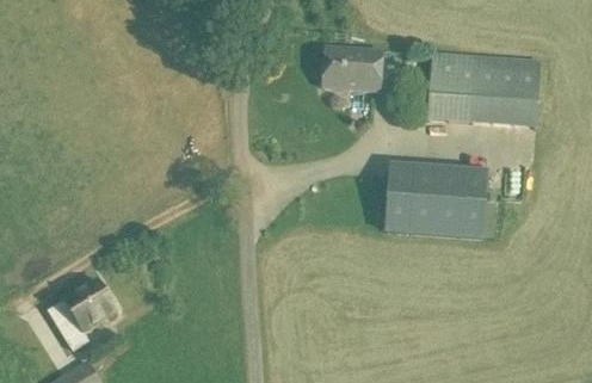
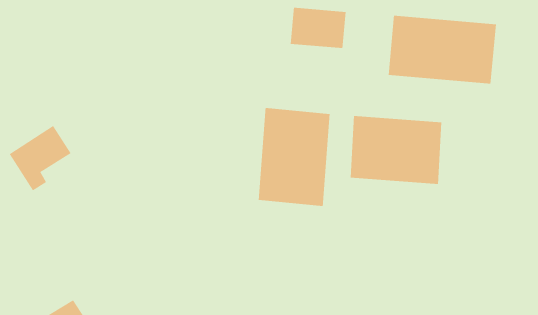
building: none -> [258,107,330,207]
building: [49,279,116,350] -> [9,125,71,191]

